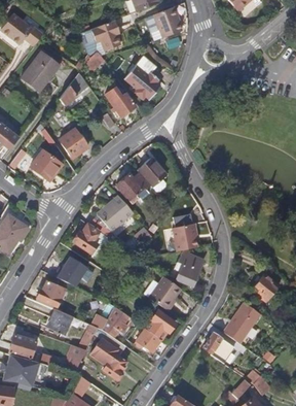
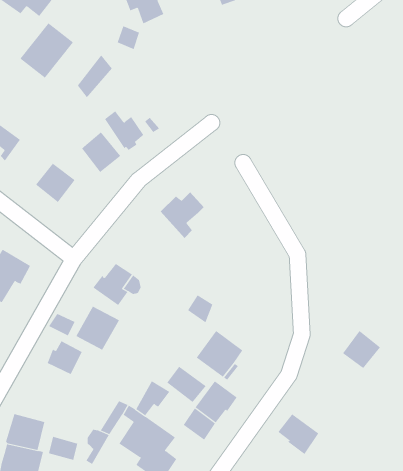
building: [127,59,161,100] -> none
building: [108,90,137,119] -> [104,110,144,150]
building: [139,158,170,188] -> none
building: [100,195,135,231] -> none
building: [173,223,197,250] -> none
building: [177,255,206,286] -> none
building: none -> [167,366,207,403]
building: [223,301,261,342] -> none
building: [45,307,72,333] -> none

